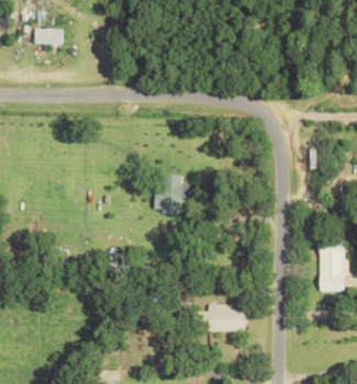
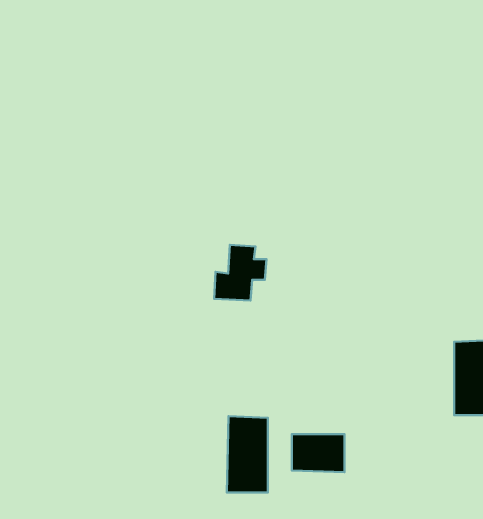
building: [35,29,63,45] -> none
building: none -> [227,416,268,492]

